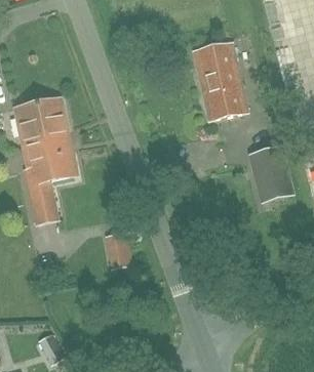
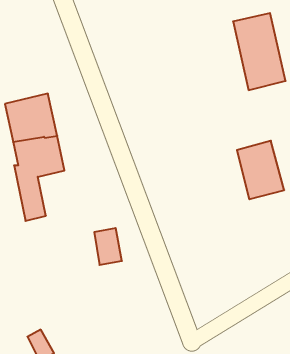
building: [193,43,245,120] -> [233,13,286,90]

